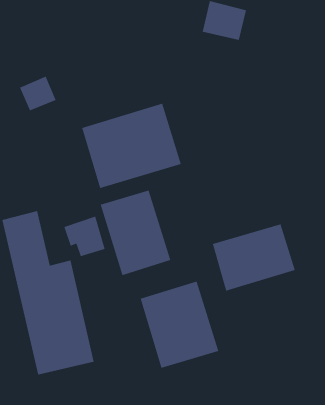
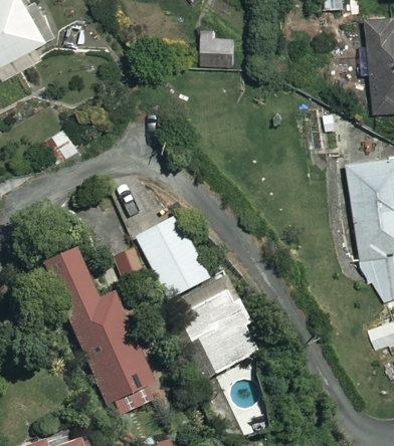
building: [82,103,182,189] -> none
building: [212,223,295,291] -> none

